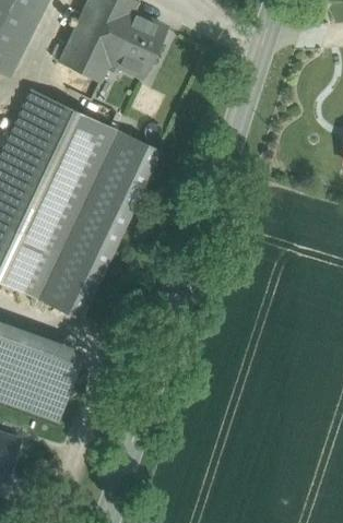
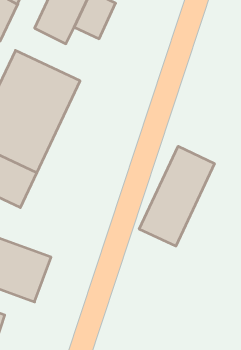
building: [38,130,158,318] -> none
building: none -> [139,146,214,246]

